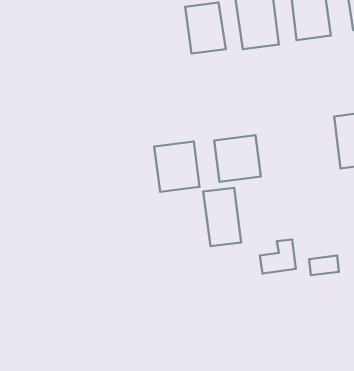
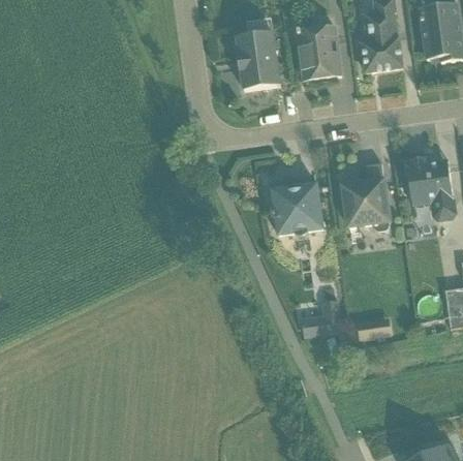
building: none -> [335,175,390,228]
building: [154,142,200,192] -> none
building: [203,188,241,246] -> none

